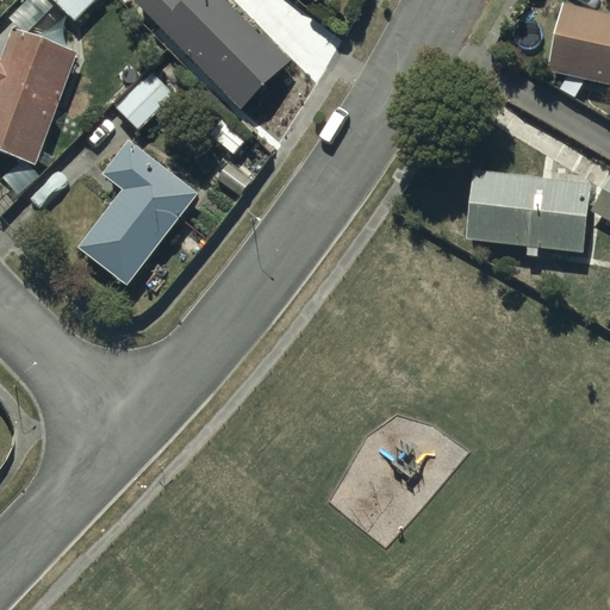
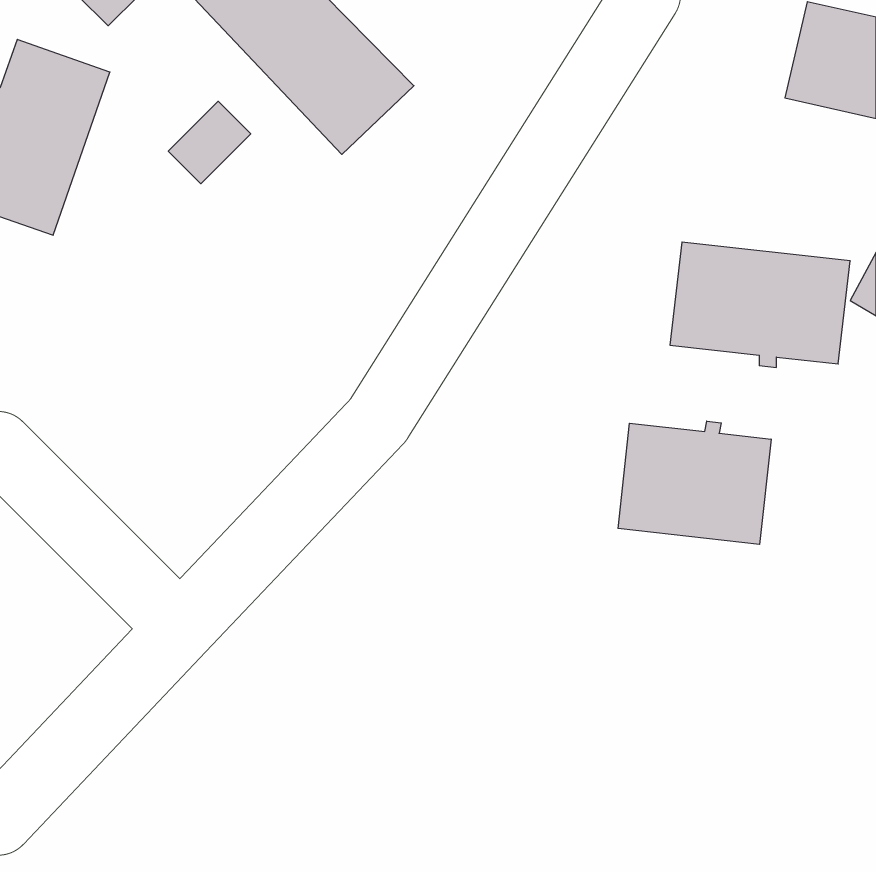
building: [80,138,199,282] -> none
building: none -> [618,421,771,544]

